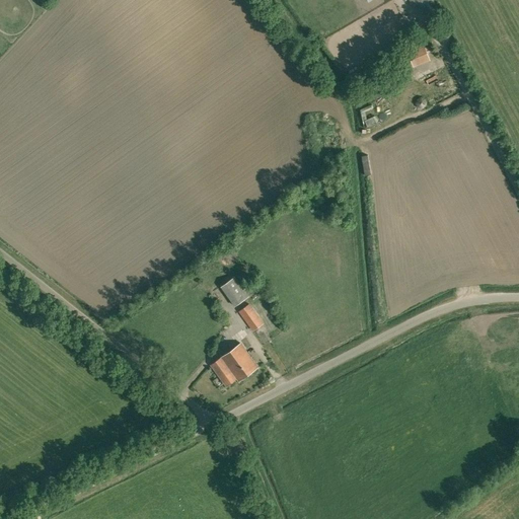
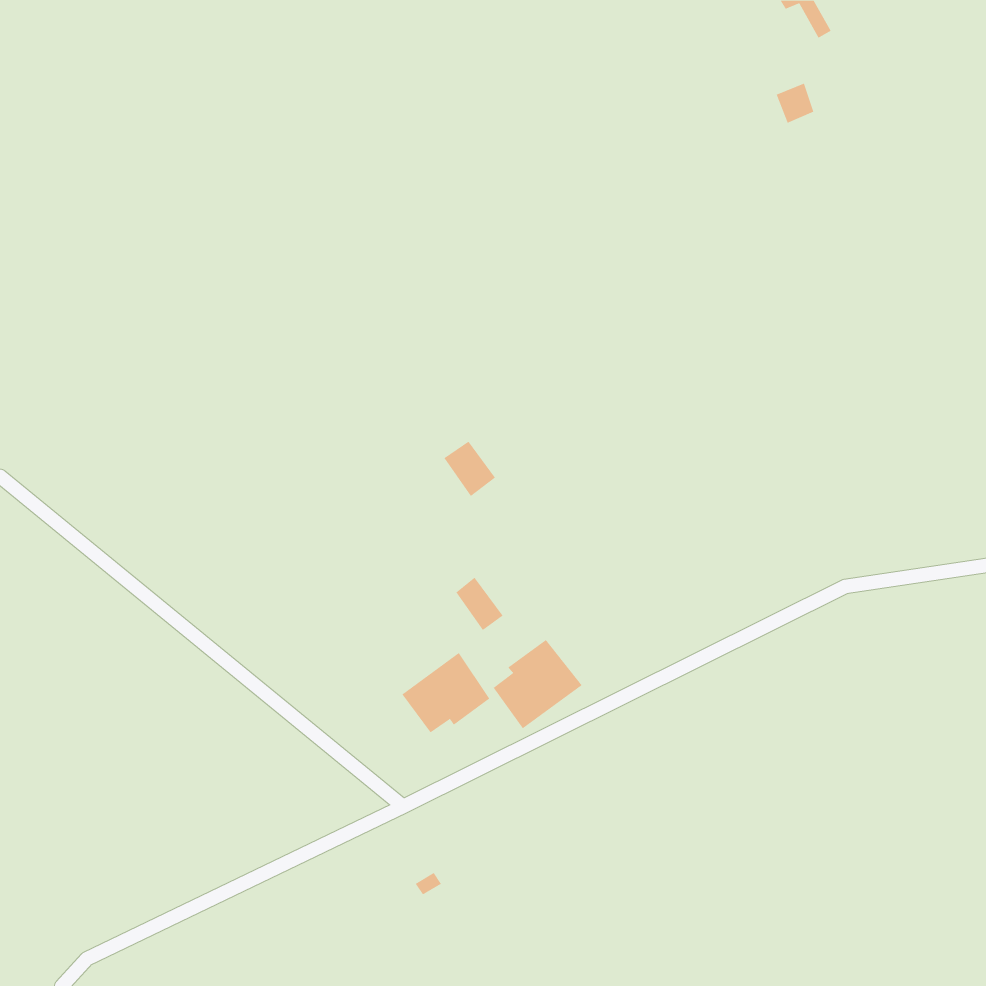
building: [221,277,248,306] -> [444,441,496,497]
building: none -> [493,639,583,729]

